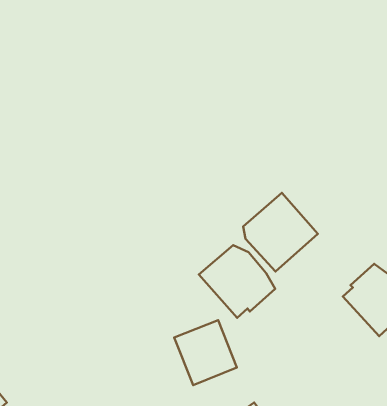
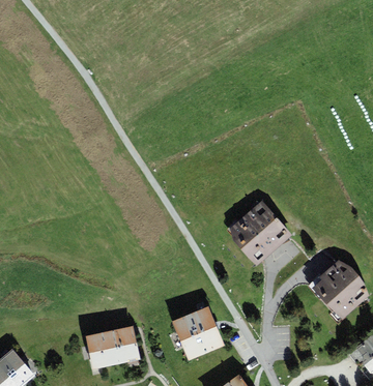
building: [199,245,275,318] -> none
building: none -> [85,326,139,369]

